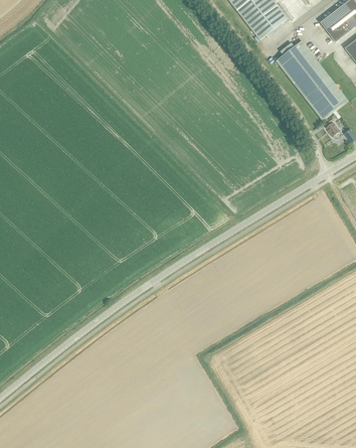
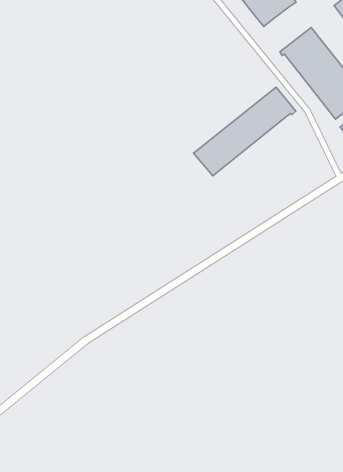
building: none -> [194,87,296,176]

